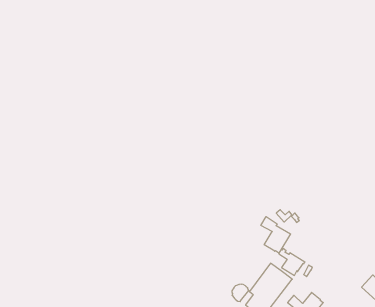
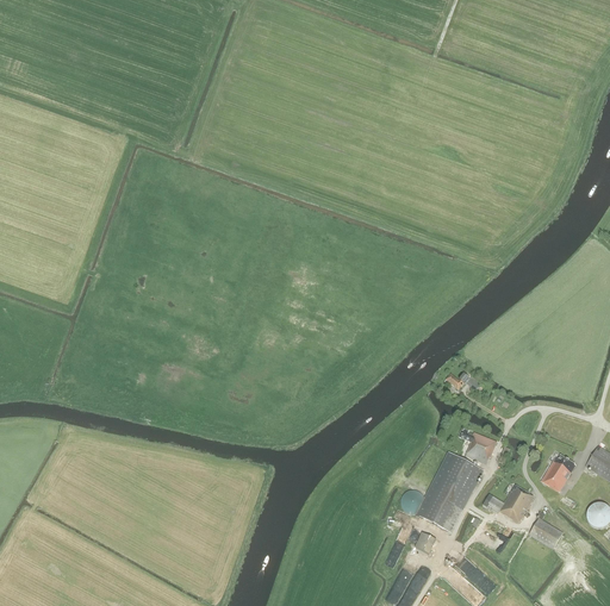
building: [261,217,291,253] -> none
building: none -> [541,454,575,491]

